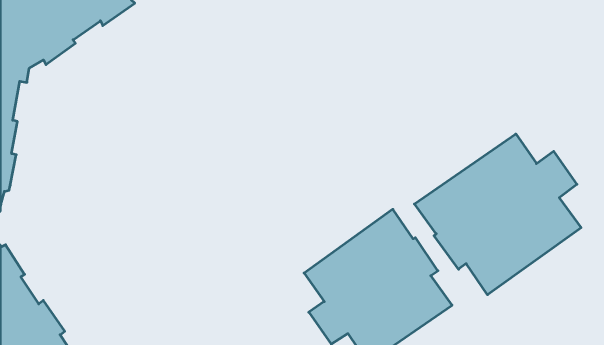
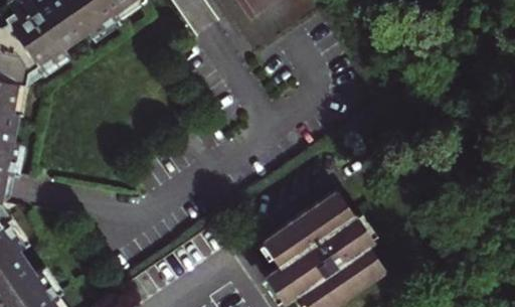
building: [414,134,581,295] -> none

